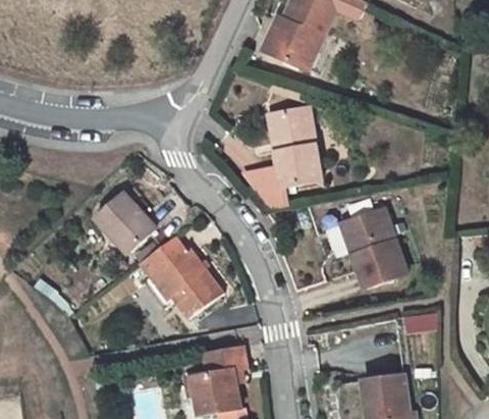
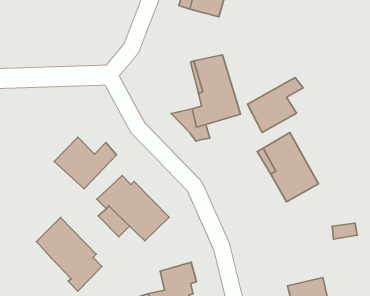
building: none -> [247,77,303,132]
building: none -> [36,218,102,291]

